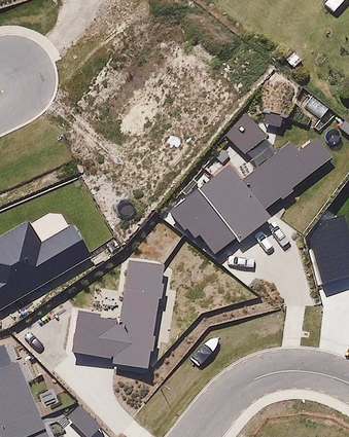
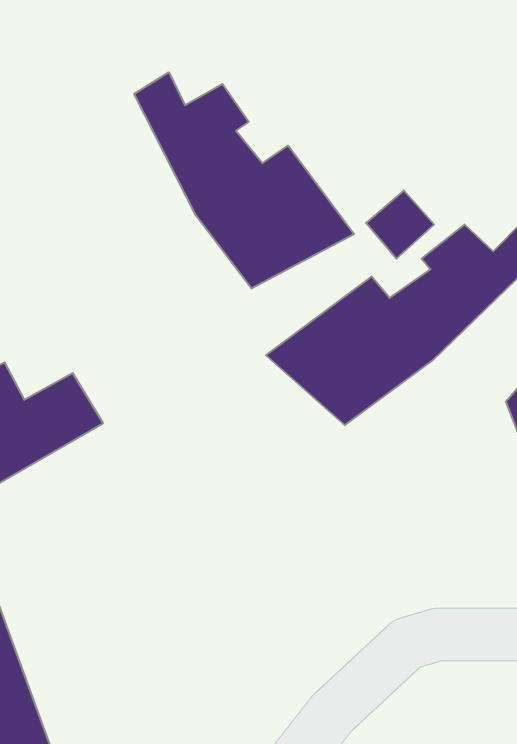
building: none -> [134,72,354,288]
building: [71,260,163,370] -> none

